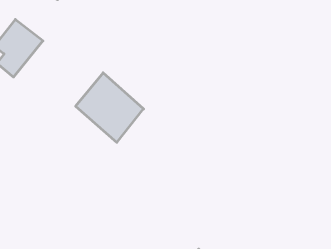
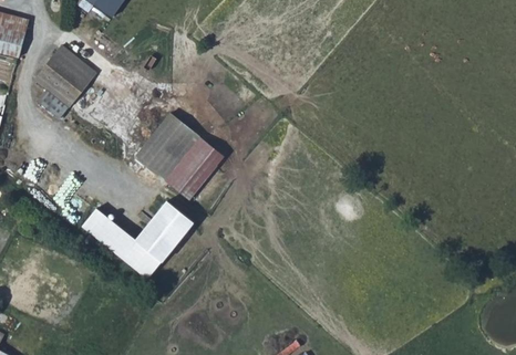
building: none -> [81,199,193,278]

